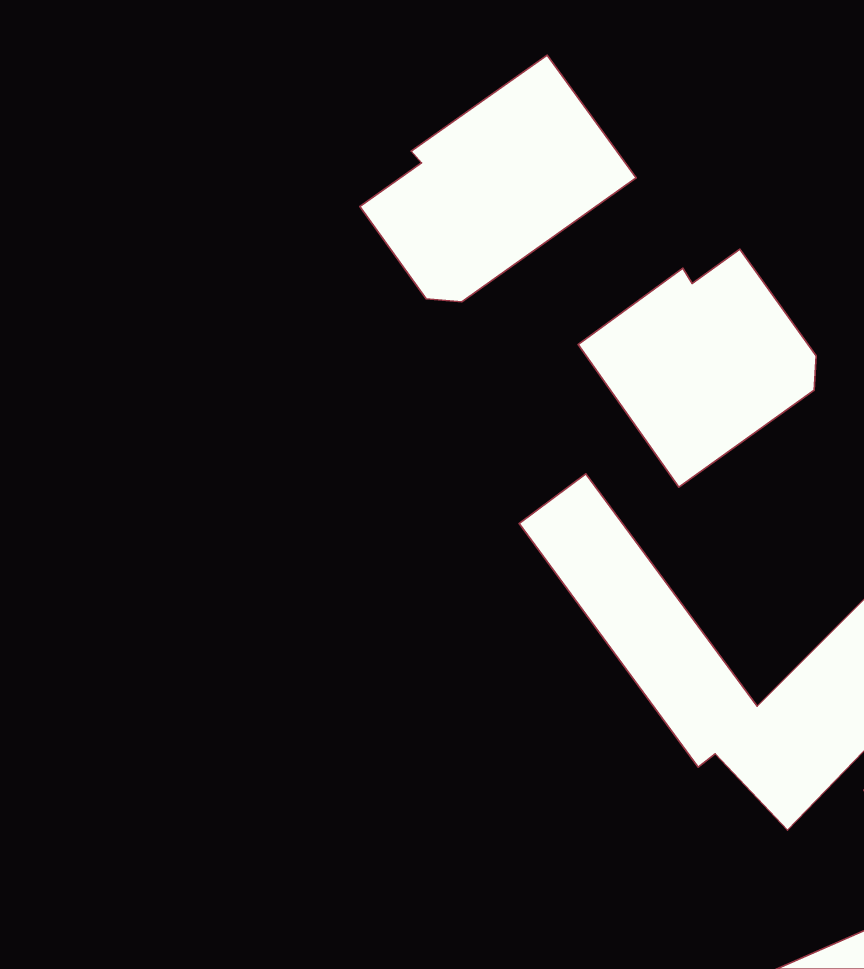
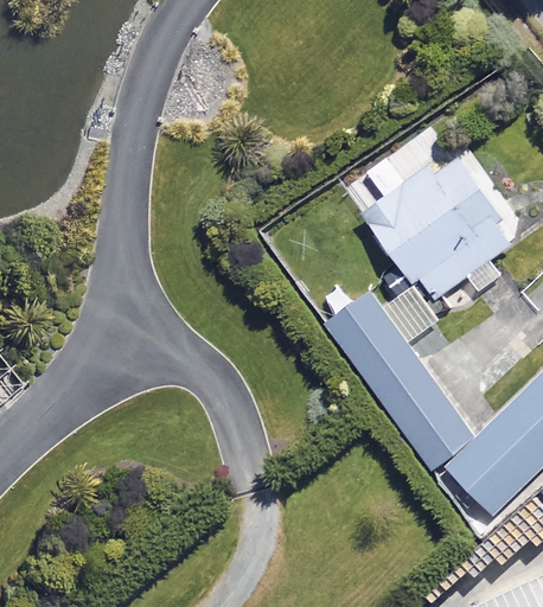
building: [360,55,636,302] -> none

